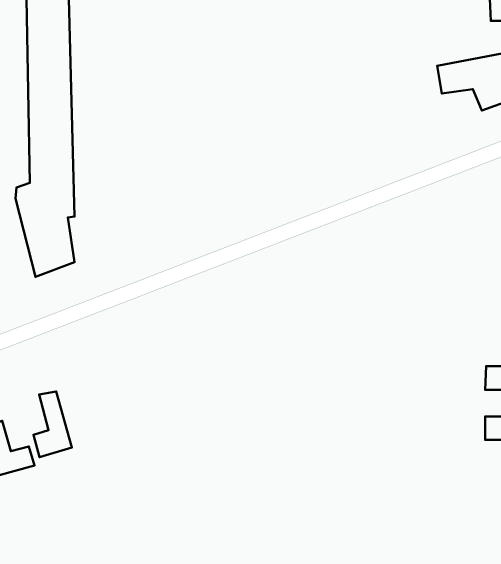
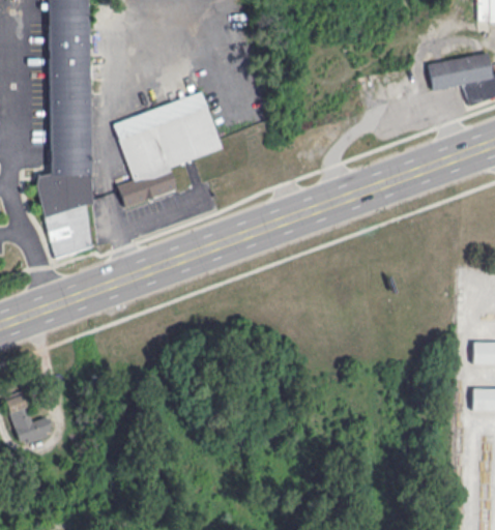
building: none -> [113,90,223,207]
building: [33,391,72,457] -> none

